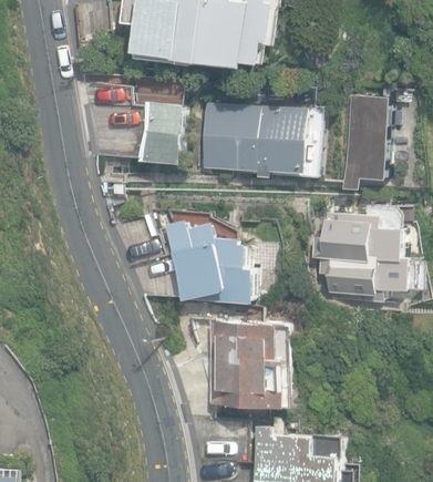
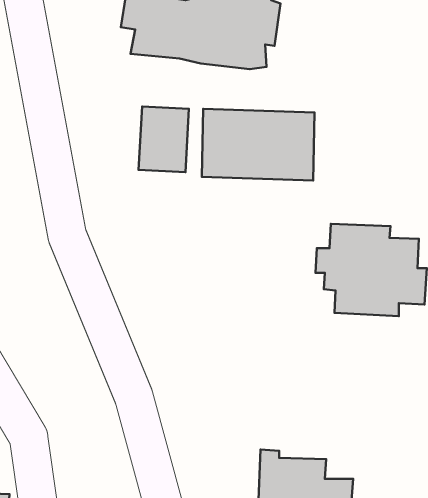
building: [341,96,389,191] -> none
building: [164,221,256,302] -> none
building: [208,317,289,408] -> none

